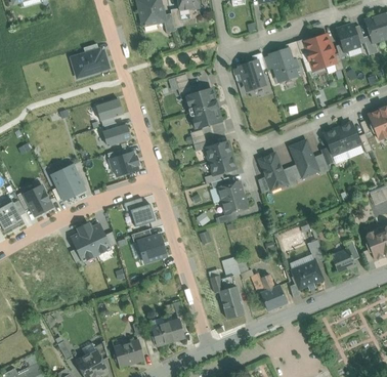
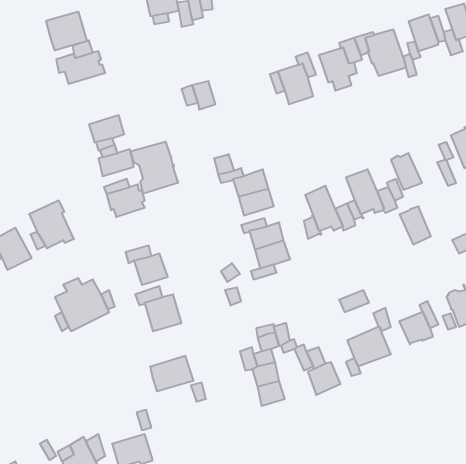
building: none -> [46,12,87,51]
building: [185,89,221,128] -> [131,142,178,193]
building: [337,122,360,151] -> [400,206,431,244]
building: [152,319,184,345] -> [150,356,194,391]

